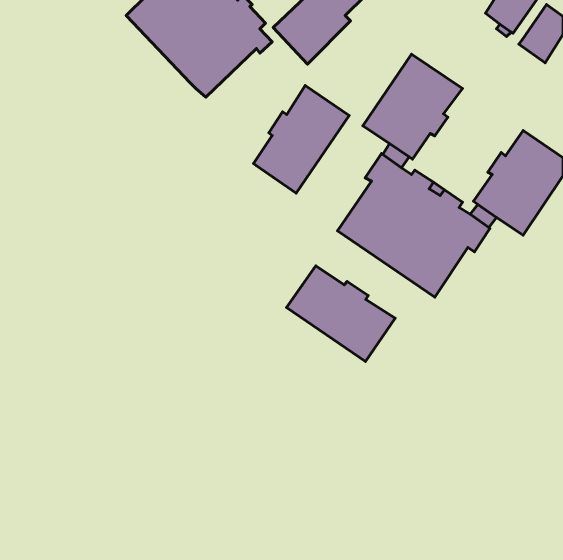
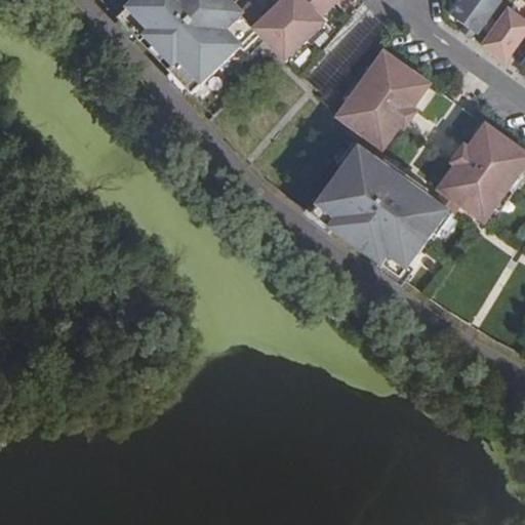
building: [253,85,349,193] -> none
building: [287,266,395,361] -> none

